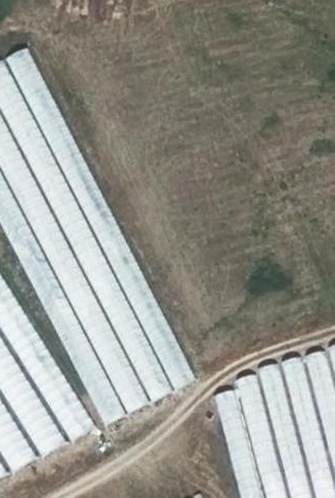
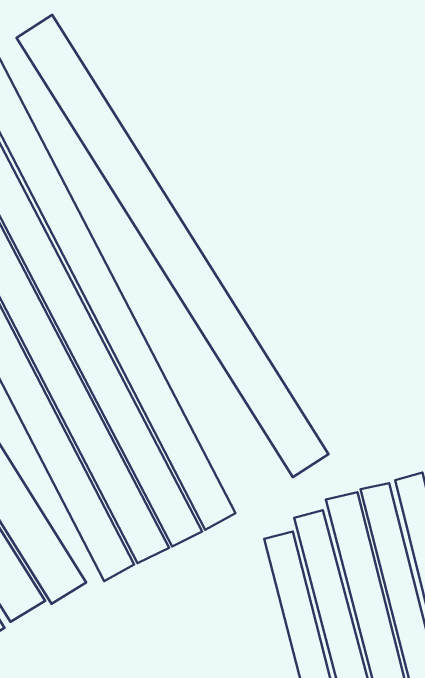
building: none -> [17,15,328,477]

